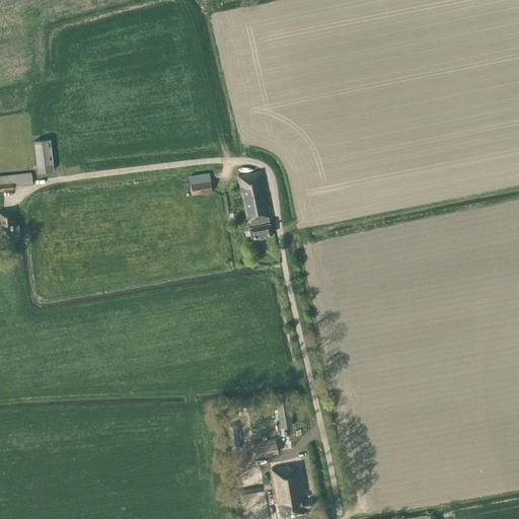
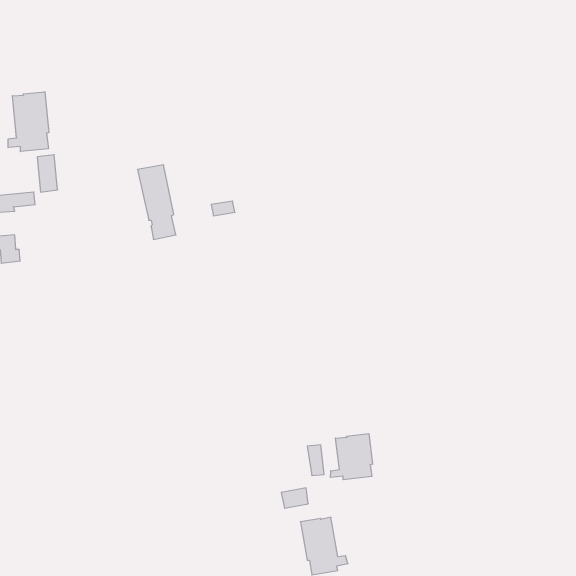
building: none -> [8,92,49,152]
building: [236,172,271,239] -> [138,165,176,239]
building: none -> [331,434,373,480]

